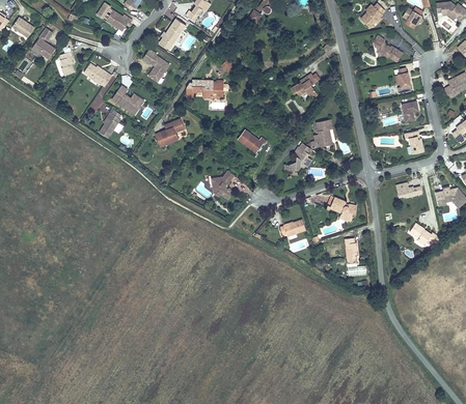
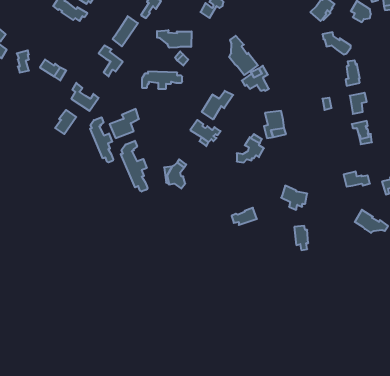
building: none -> [157,30,192,48]
building: none -> [229,36,258,75]
building: none -> [202,91,233,119]
building: none -> [90,117,113,162]
building: none -> [121,141,147,192]

